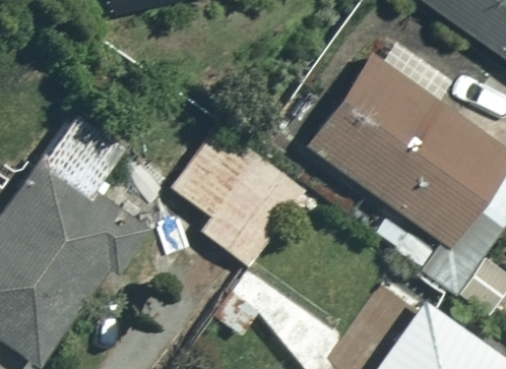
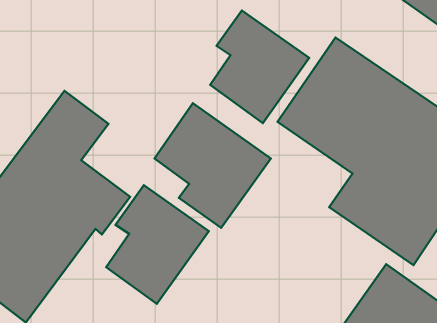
building: none -> [210,10,309,123]
building: none -> [106,185,209,304]

